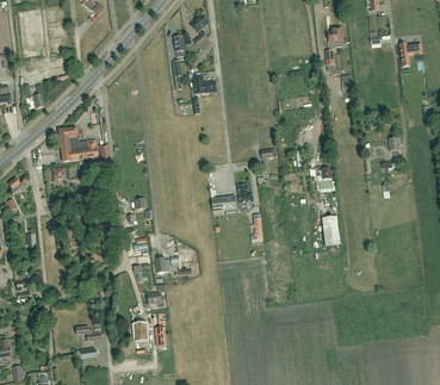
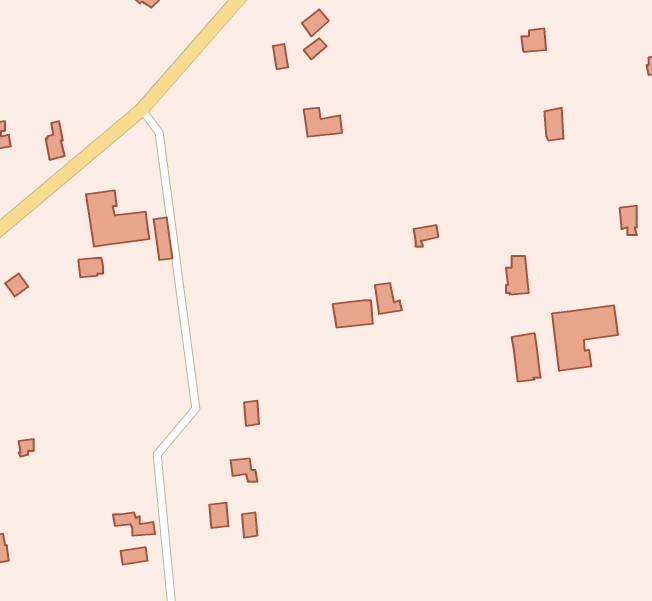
building: none -> [552,305,618,371]

